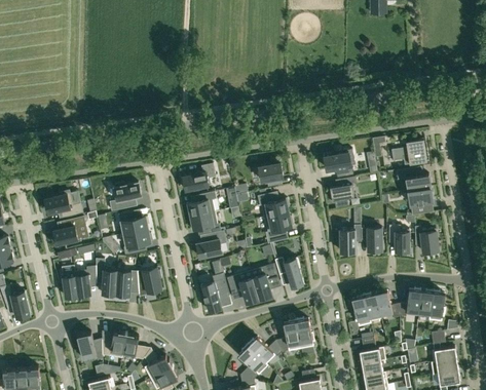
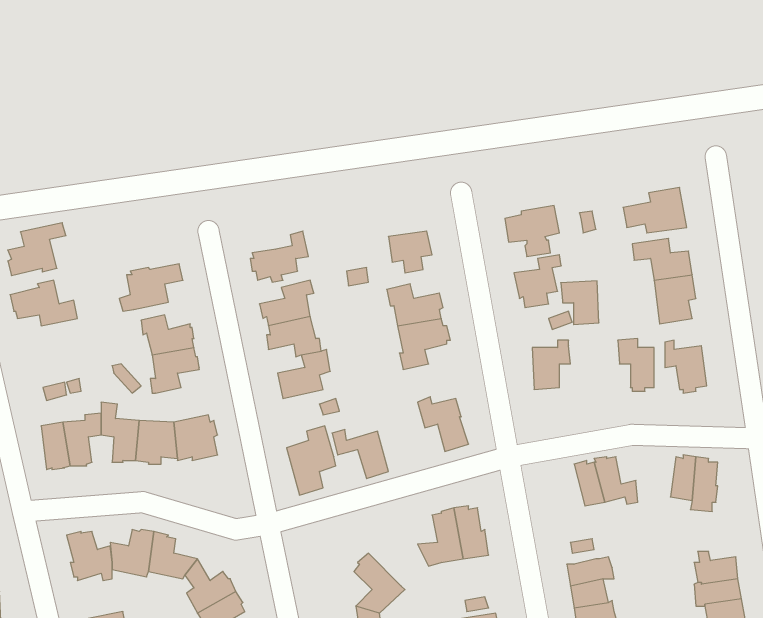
building: [53,218,86,247] -> [8,223,66,276]
building: [361,228,382,252] -> [561,281,599,325]
building: [253,264,278,300] -> none
building: [399,289,421,318] -> none
building: [352,296,371,327] -> none
building: [248,338,282,364] -> none

